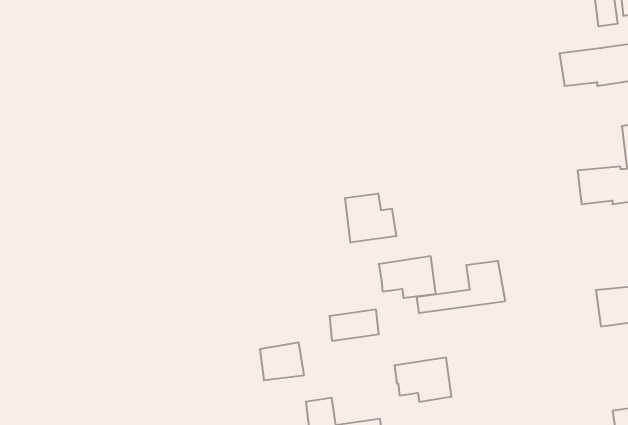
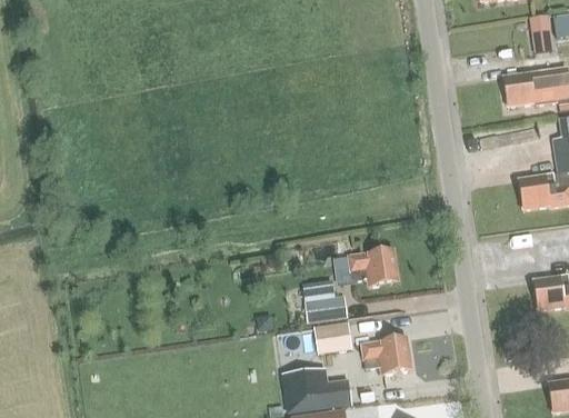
building: [345,193,396,243] -> none
building: [417,261,505,313] -> none
building: [260,343,304,380] -> [315,320,352,352]

